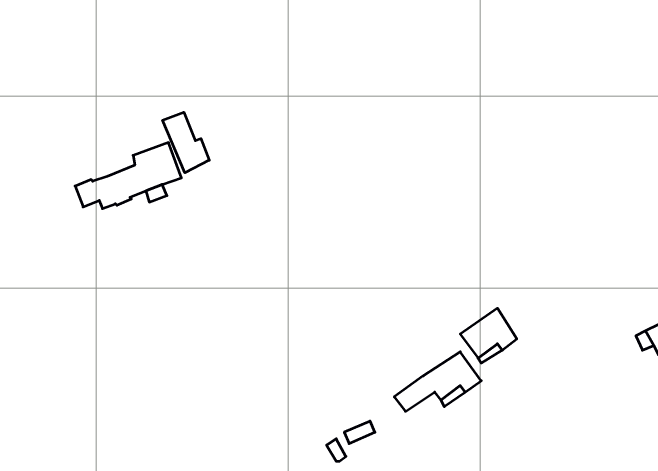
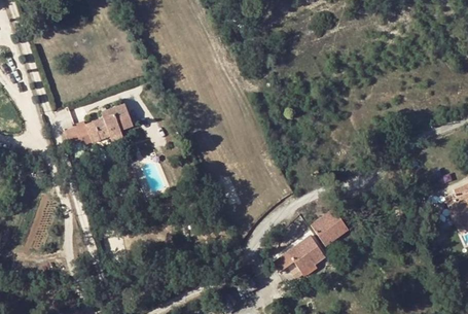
building: [163,112,209,173] -> none

